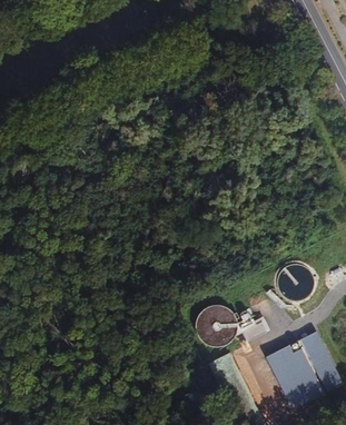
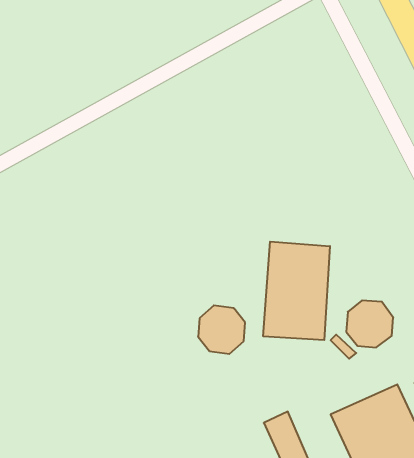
building: none -> [263,242,330,340]
building: [198,308,235,346] -> [198,305,245,354]

